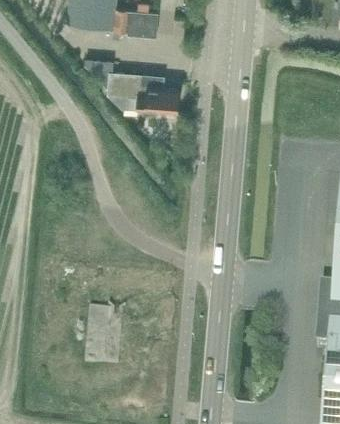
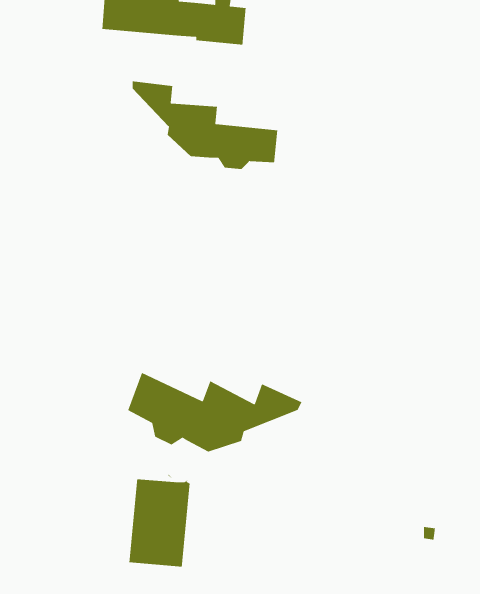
building: none -> [127,372,302,452]

